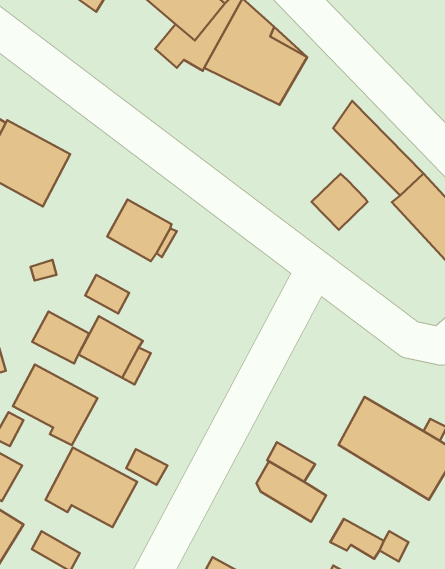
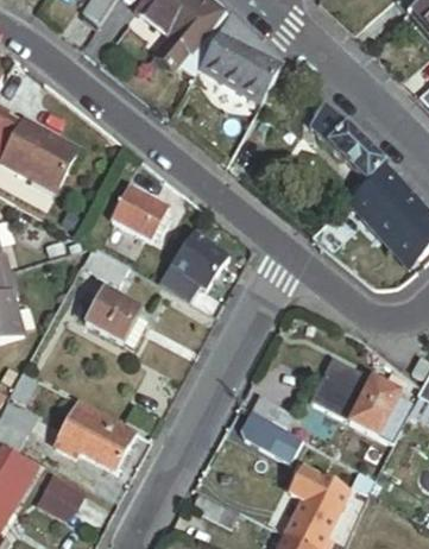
building: [312,174,367,230] -> none
building: none -> [157,232,227,299]
building: [32,312,89,363] -> none
building: [13,364,97,445] -> none

